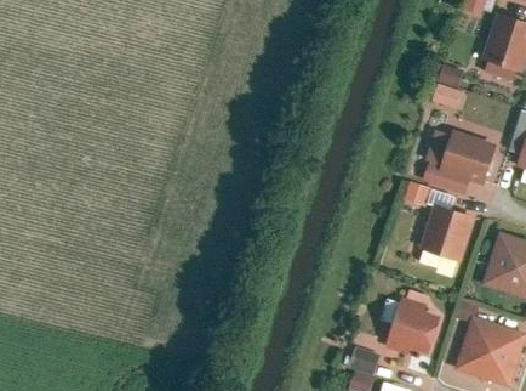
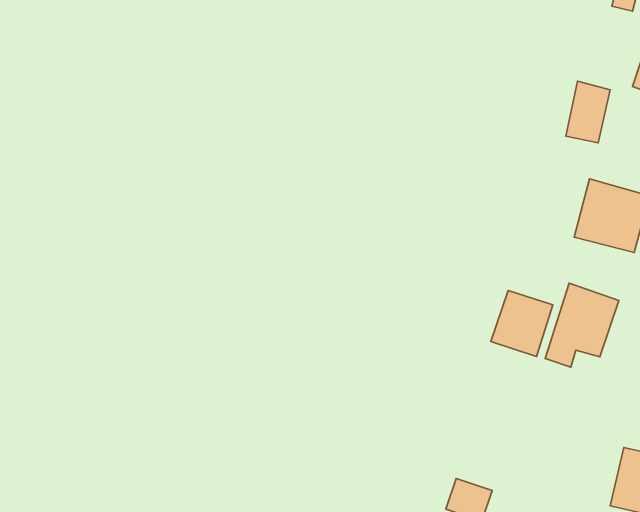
building: none -> [491,290,553,357]
building: [387,308,440,359] -> none

